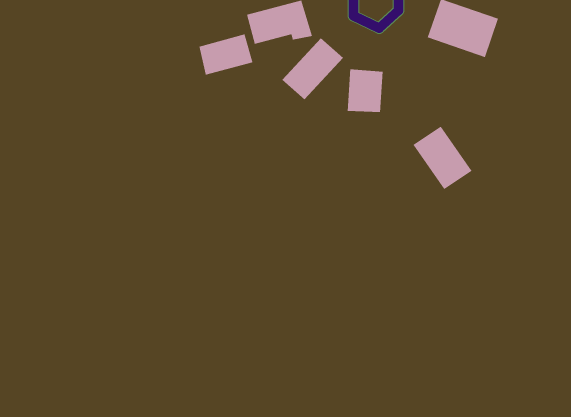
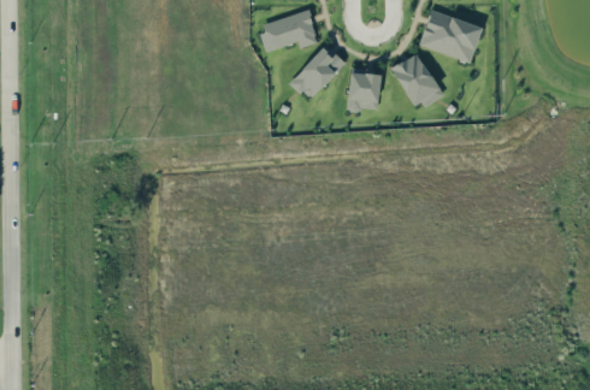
building: [199,34,253,76] -> none
building: [413,126,472,190] -> [390,53,443,110]

